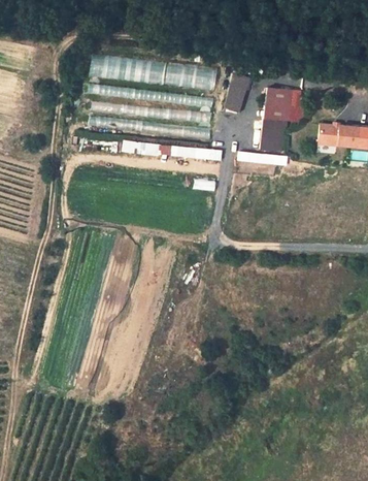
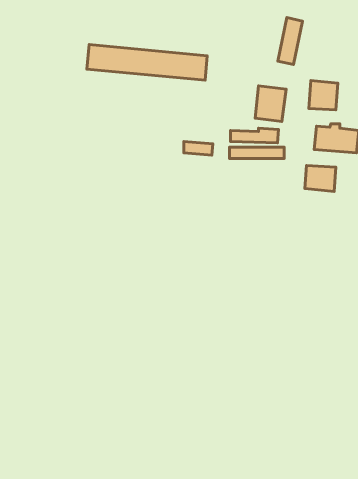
building: [227,67,249,110] -> [278,18,302,65]
building: none -> [309,80,338,110]
building: none -> [305,165,336,191]

